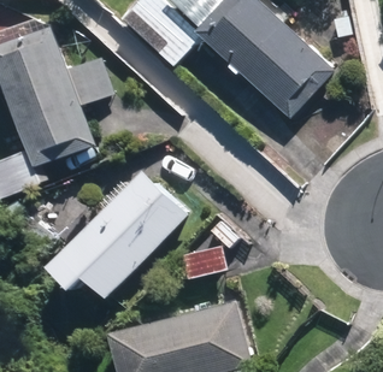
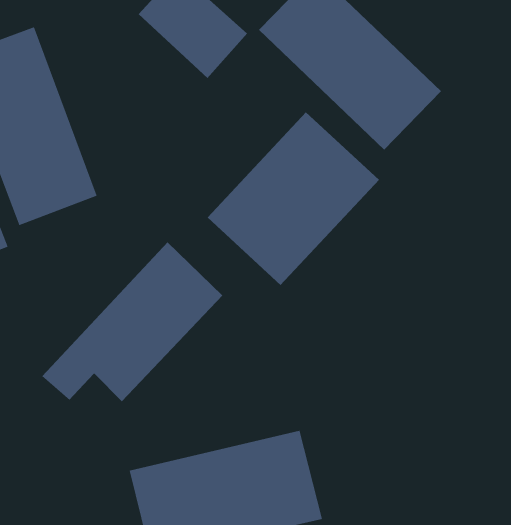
building: none -> [207,111,380,286]

